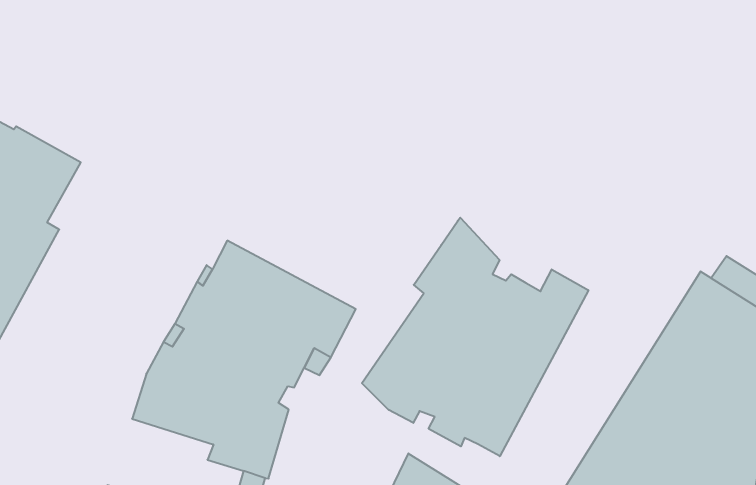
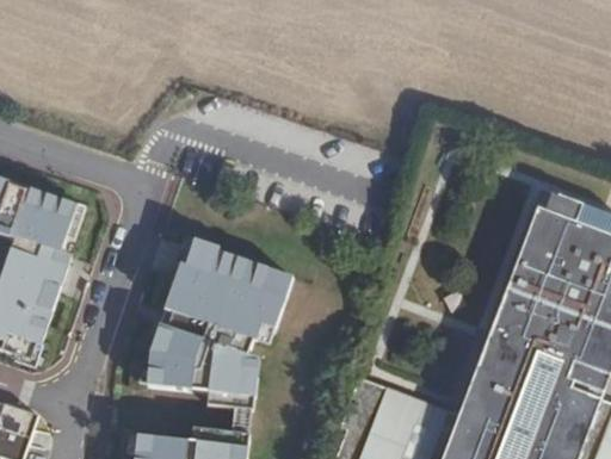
building: [362,218,588,456] -> none

